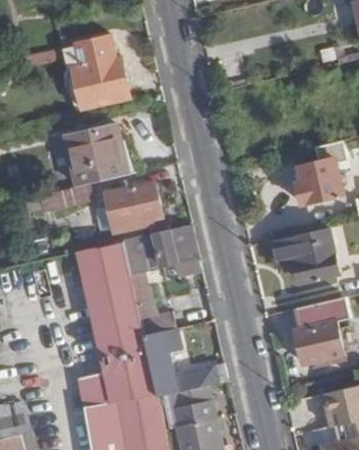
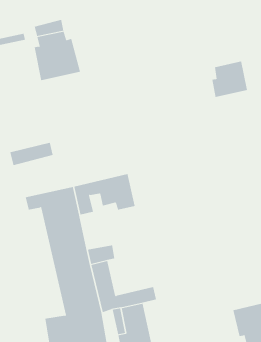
building: [64,125,127,186] -> none
building: [295,160,340,206] -> [212,61,248,98]
building: [108,184,158,229] -> none
building: [270,228,337,282] -> none
building: [293,298,346,363] -> none

